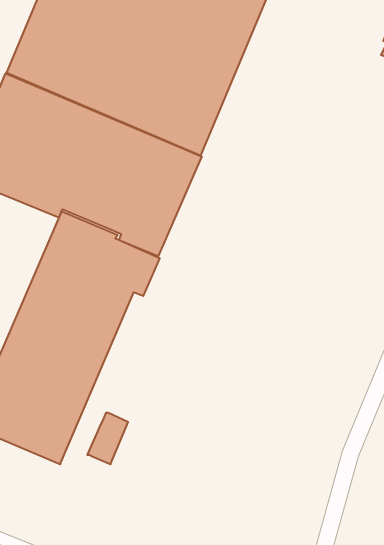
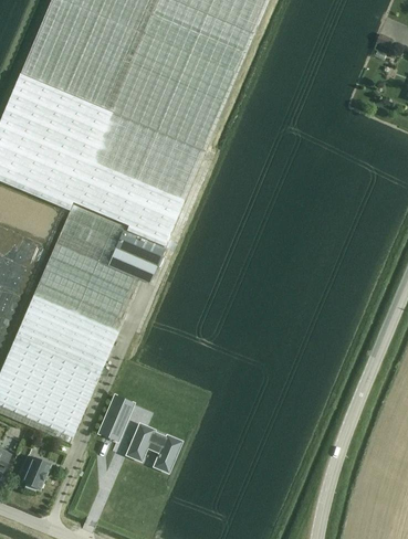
building: none -> [125,421,184,473]
building: none -> [22,454,50,489]

